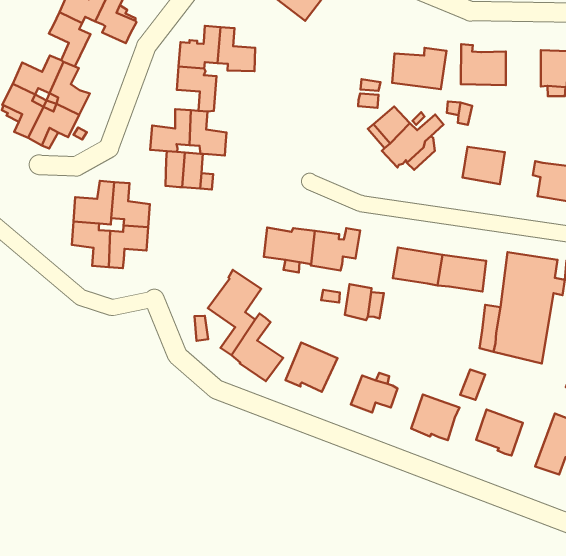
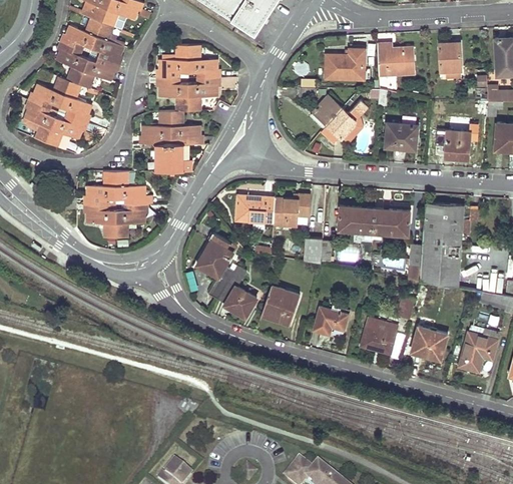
building: none -> [79,56,117,88]
building: none -> [189,77,218,110]

